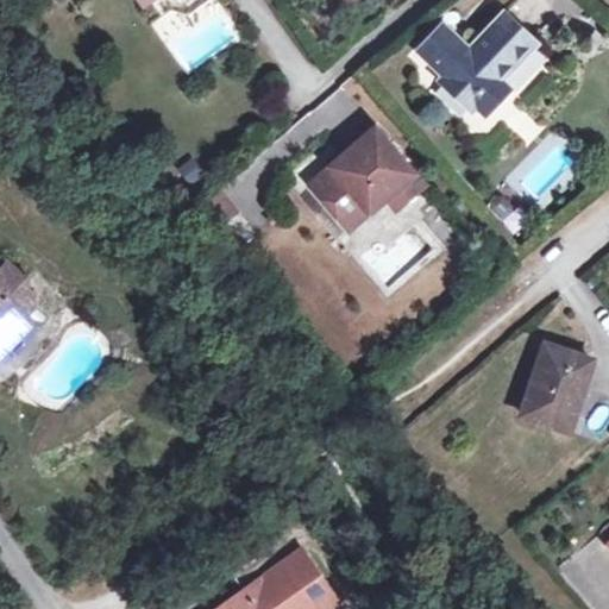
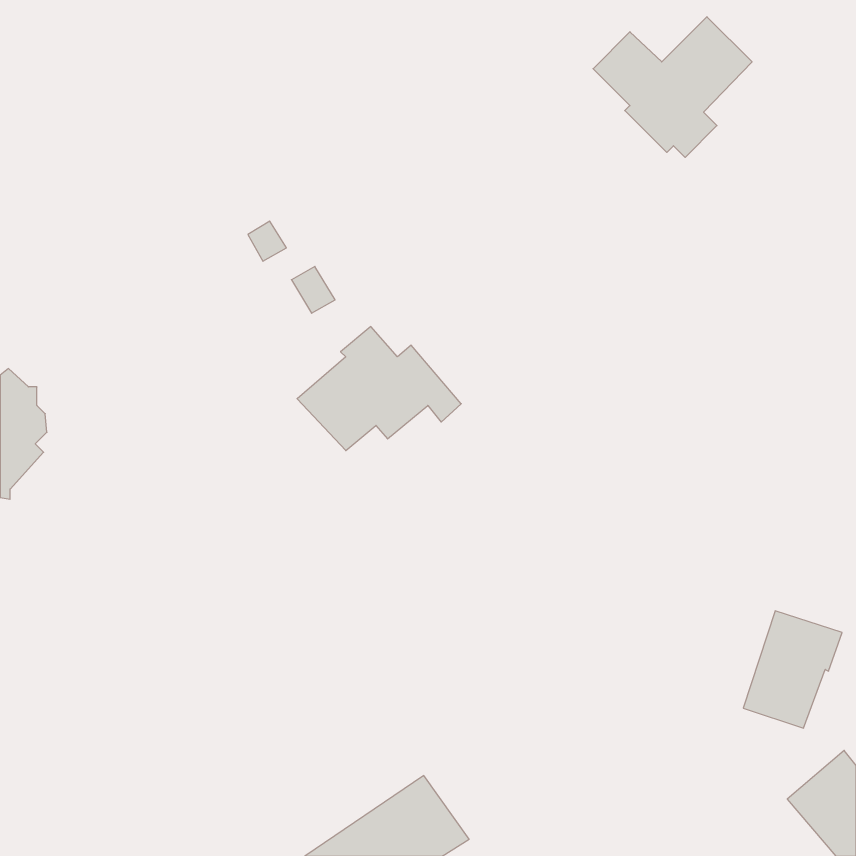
building: [308,137,425,225] -> [297,327,461,451]
building: [522,345,592,428] -> [743,611,842,728]

